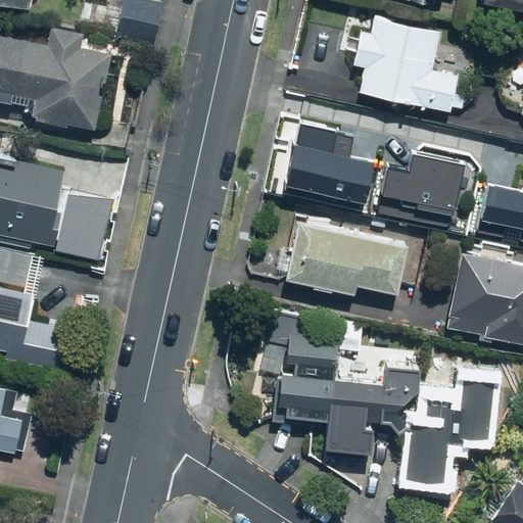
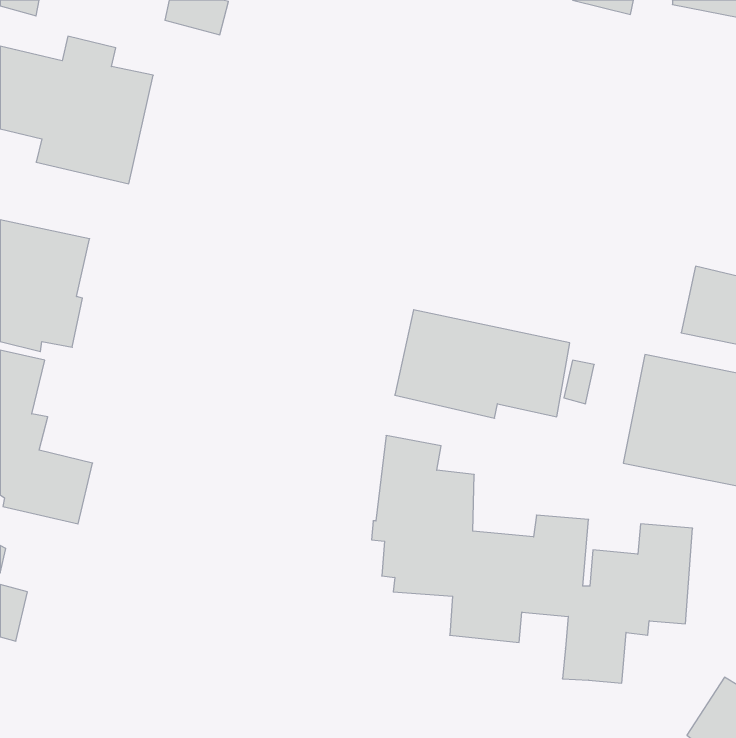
building: [350,17,457,111] -> none
building: [284,122,385,216] -> none
building: [382,154,470,232] -> none
building: [55,194,108,259] -> none

